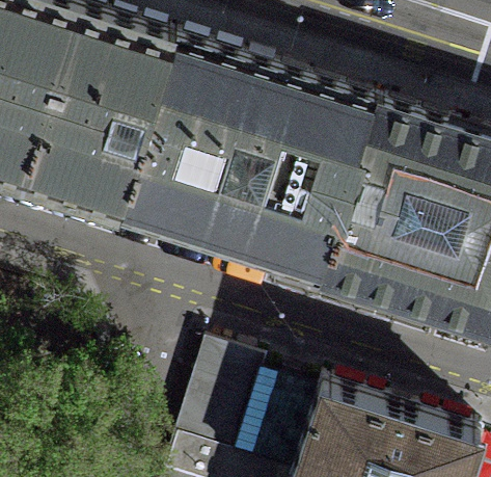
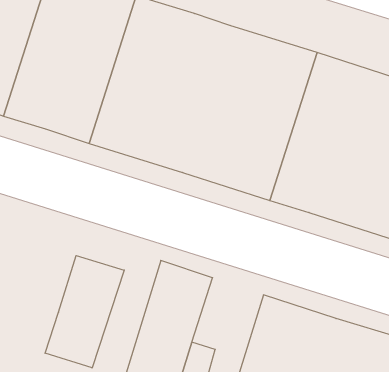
building: none -> [45,256,124,368]

